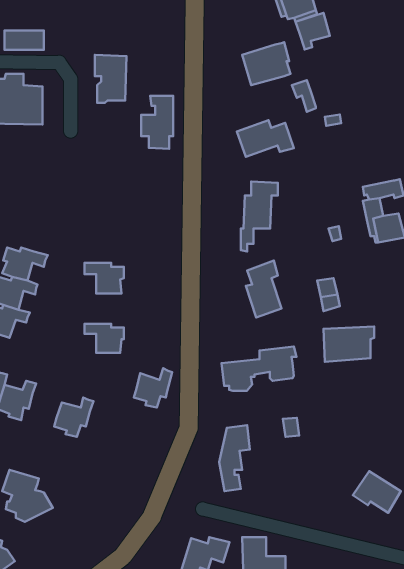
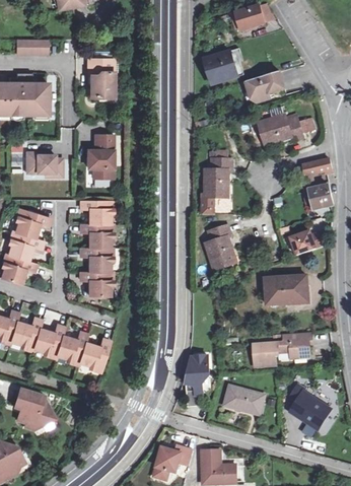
building: [296,13,330,50] -> [256,71,283,100]
building: [141,96,173,149] -> [85,135,111,178]
building: [237,120,294,157] -> [258,115,303,144]
building: none -> [24,152,60,177]
building: none -> [78,200,110,224]
building: none -> [290,231,324,256]
building: none -> [78,249,110,273]
building: [222,347,296,391] -> [253,331,312,366]
building: [134,368,172,408] -> [77,339,108,370]
building: none -> [30,325,62,357]
building: none -> [225,384,267,415]

